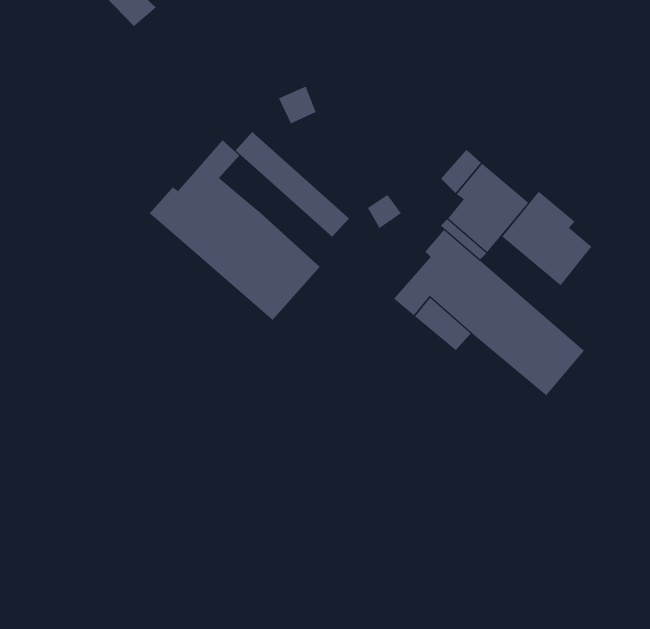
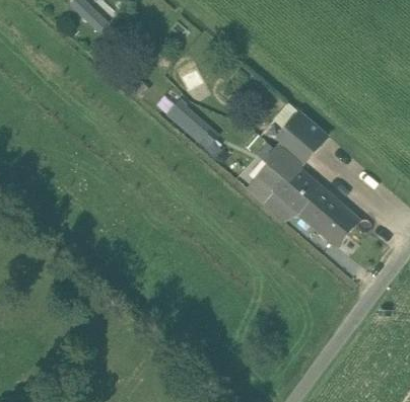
building: [149,139,321,321] -> none
building: [501,191,592,286] -> none

